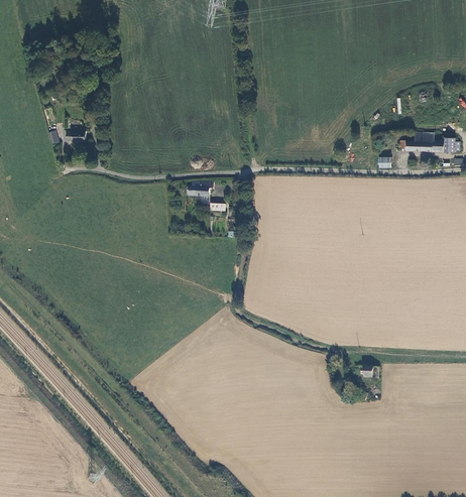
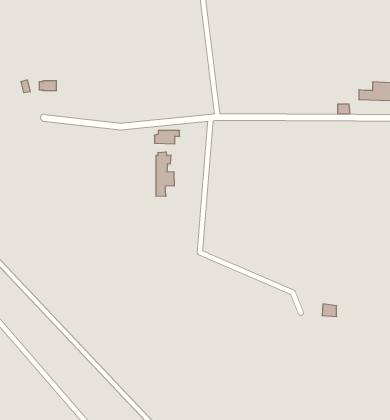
building: none -> [156,152,174,196]

